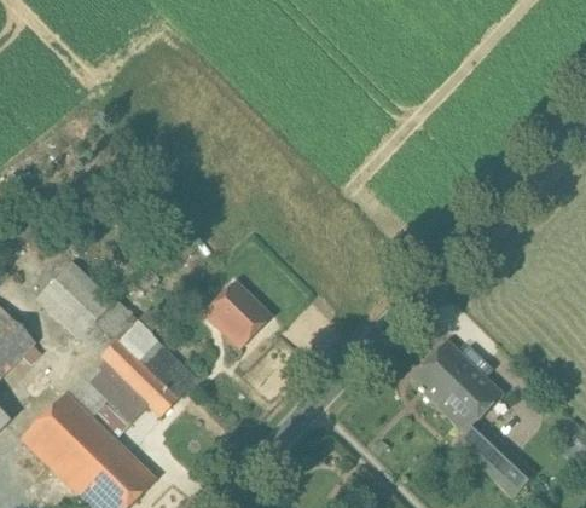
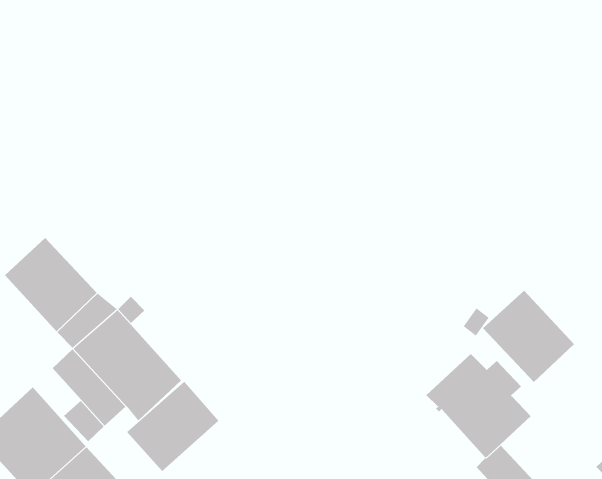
building: [205,283,269,347] -> none
building: none -> [482,290,575,383]
building: none -> [126,381,219,472]

